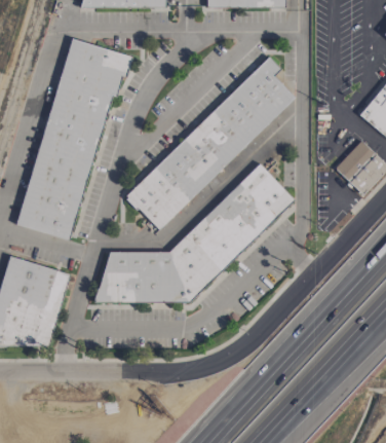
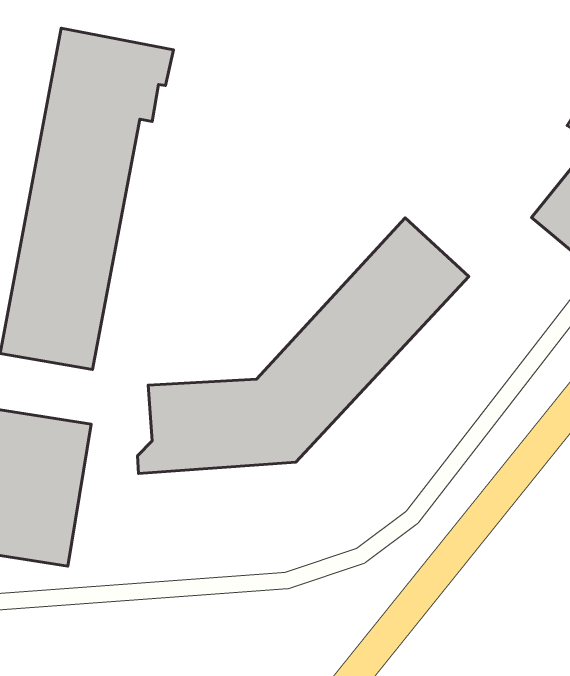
building: [125,57,296,230] -> none

